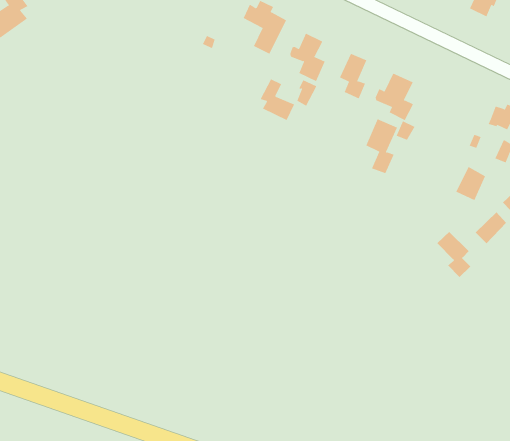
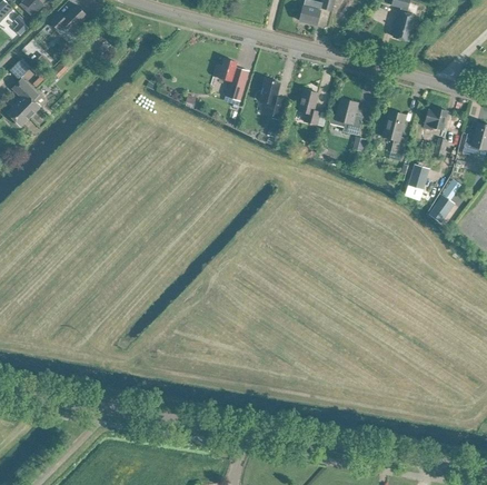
building: [260,78,295,121] -> none
building: [366,118,398,174] -> [382,111,407,155]
building: [437,231,471,278] -> none

